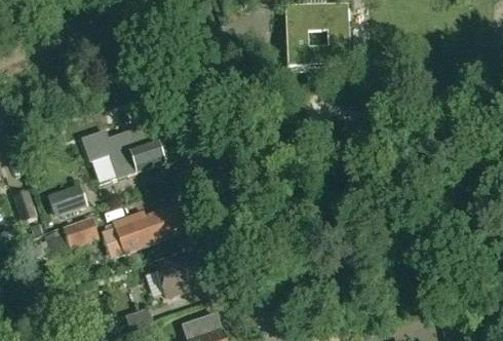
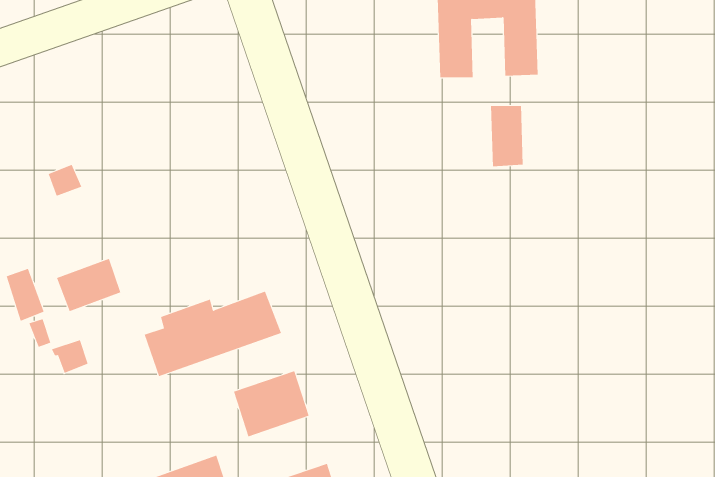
building: none -> [491,105,523,167]
building: [81,125,163,176] -> none
building: [64,216,100,248] -> none

